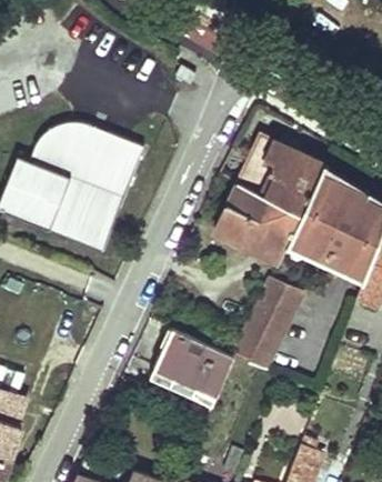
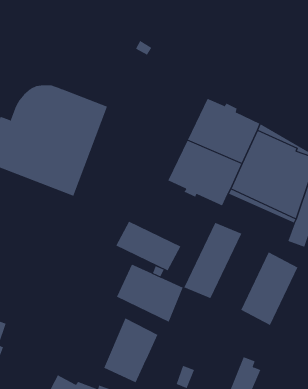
building: none -> [115,221,181,271]
building: none -> [240,252,298,326]
building: none -> [103,318,158,383]

